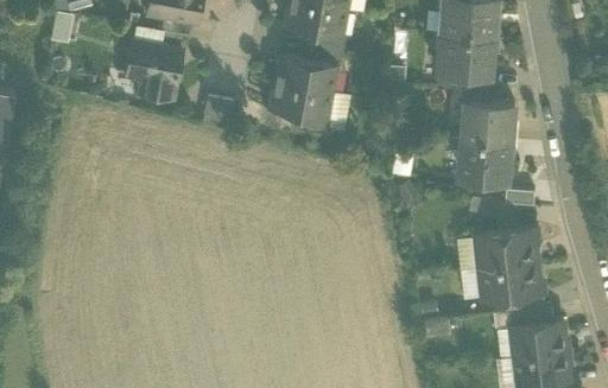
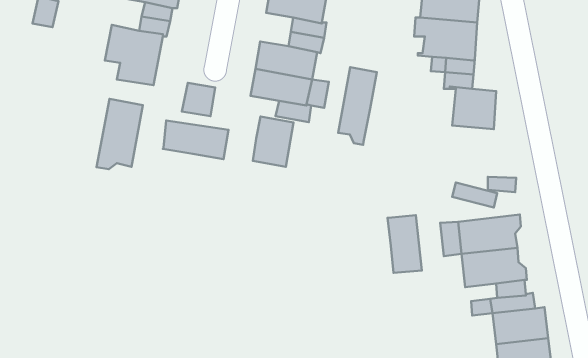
building: none -> [338,67,377,145]
building: none -> [96,99,143,169]
building: none -> [253,116,294,167]
building: none -> [163,120,229,159]
building: [462,140,512,182] -> none
building: none -> [387,215,422,273]

